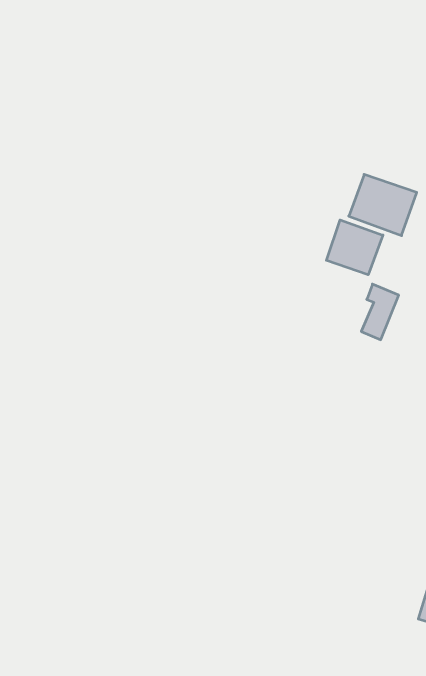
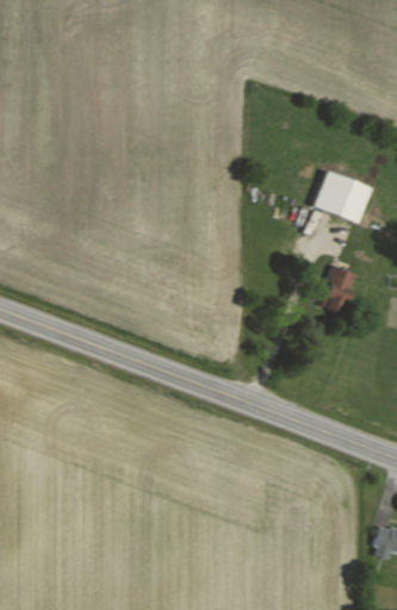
building: [326,220,383,275] -> none

